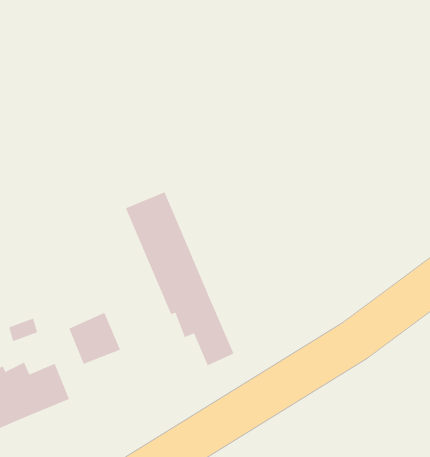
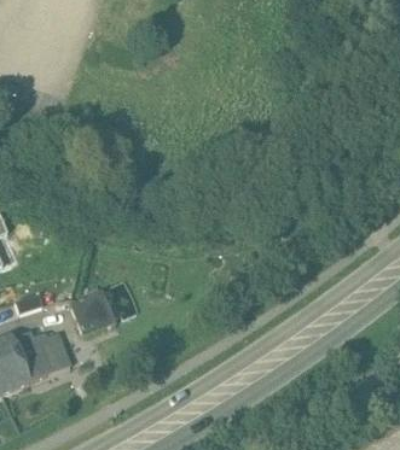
building: [125,192,234,366] -> none

